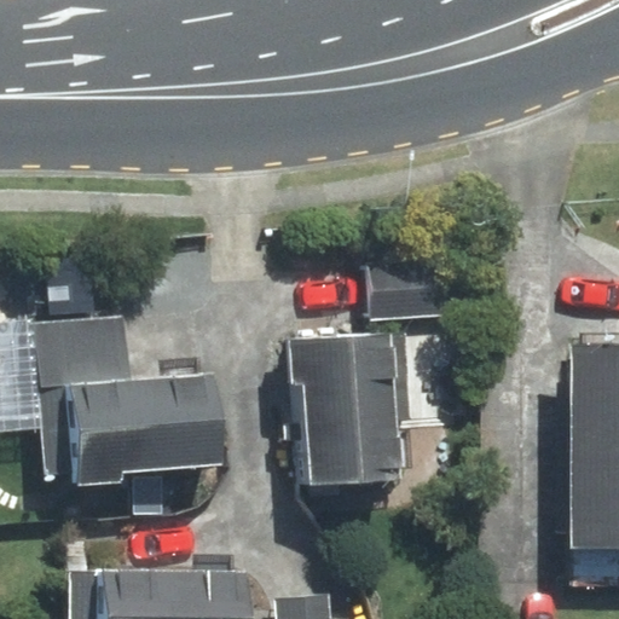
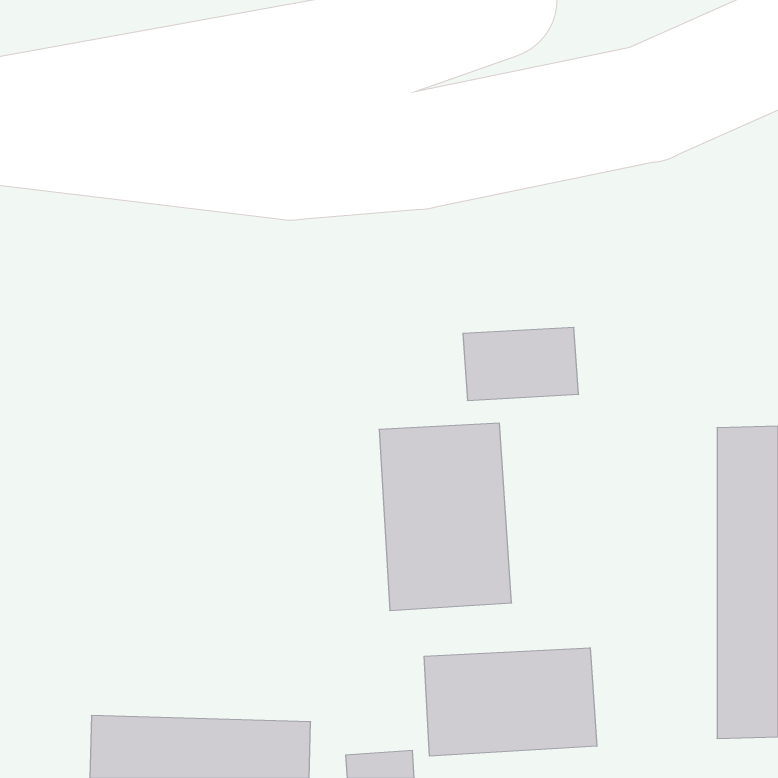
building: [39,318,221,487] -> none
building: none -> [424,648,597,756]

